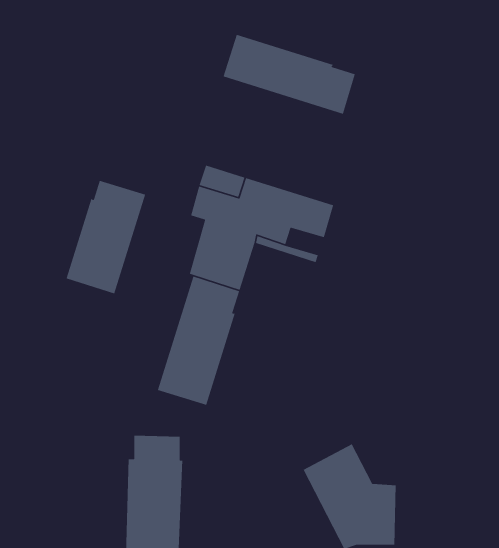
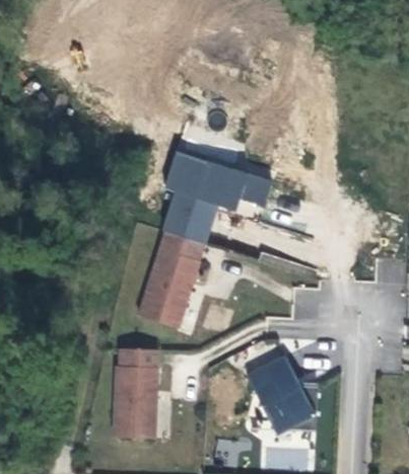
building: [222,34,356,115] -> none
building: [65,180,146,295] -> none

